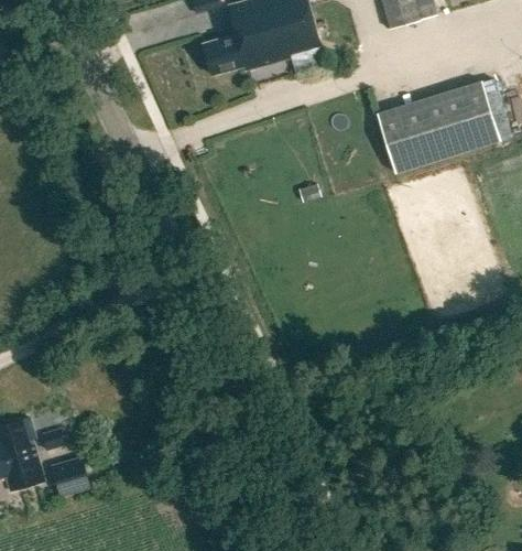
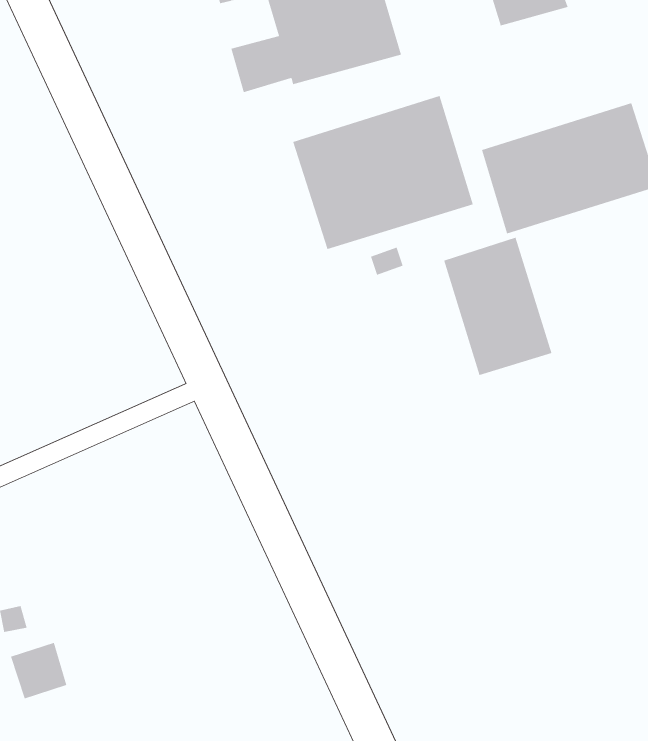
building: none -> [292,95,473,250]
building: none -> [443,237,552,376]

